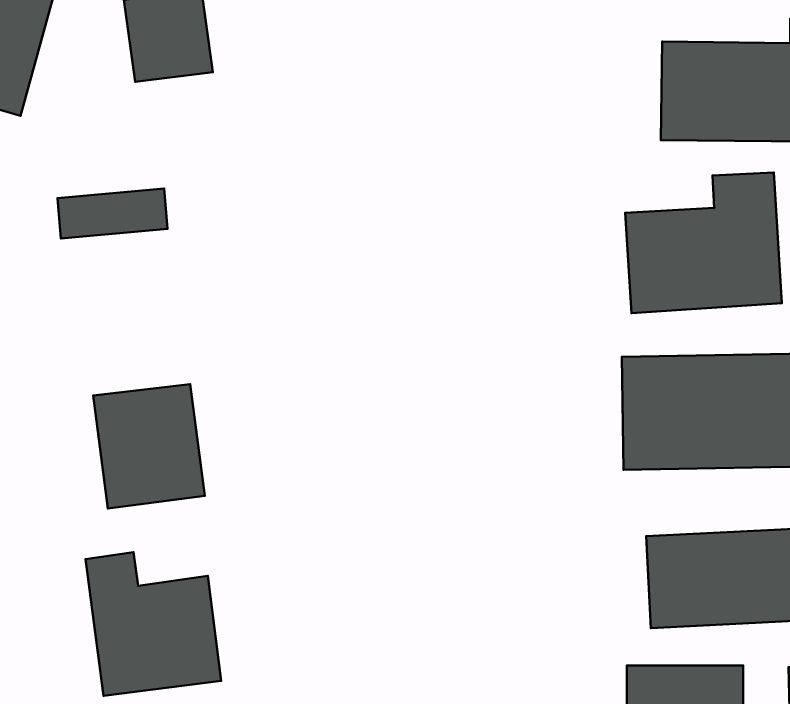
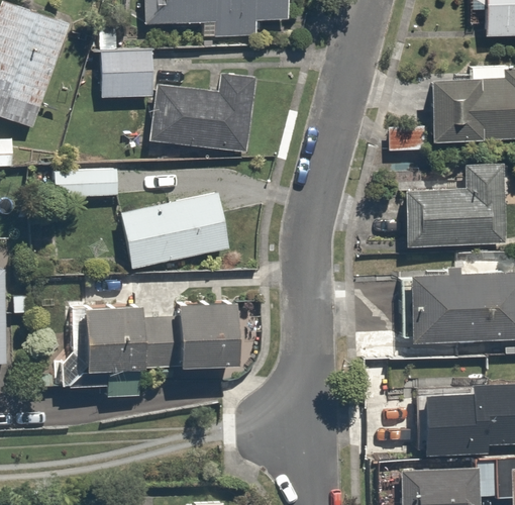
building: none -> [147,74,256,162]
building: none -> [118,196,233,276]
building: none -> [166,299,244,365]
building: [86,552,221,696] -> none

